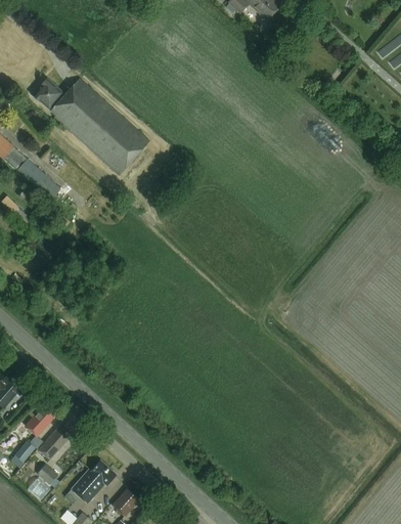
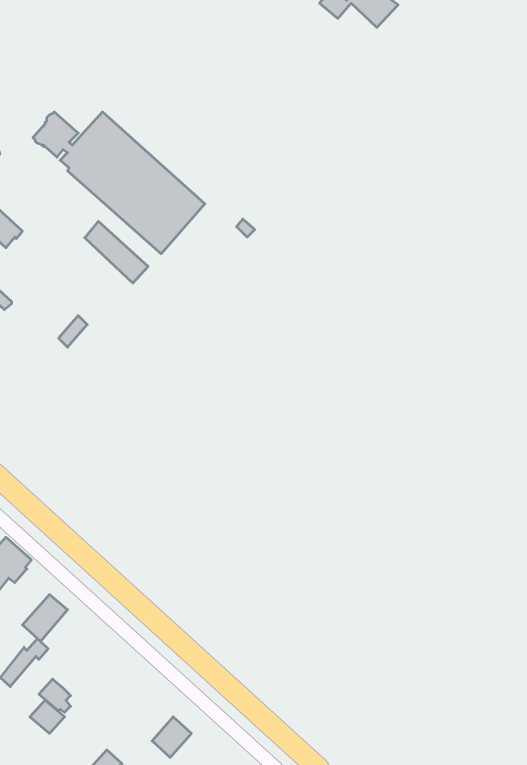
building: [16,159,59,201] -> [85,221,148,283]
building: [39,426,73,460] -> none
building: [72,460,116,503] -> none

